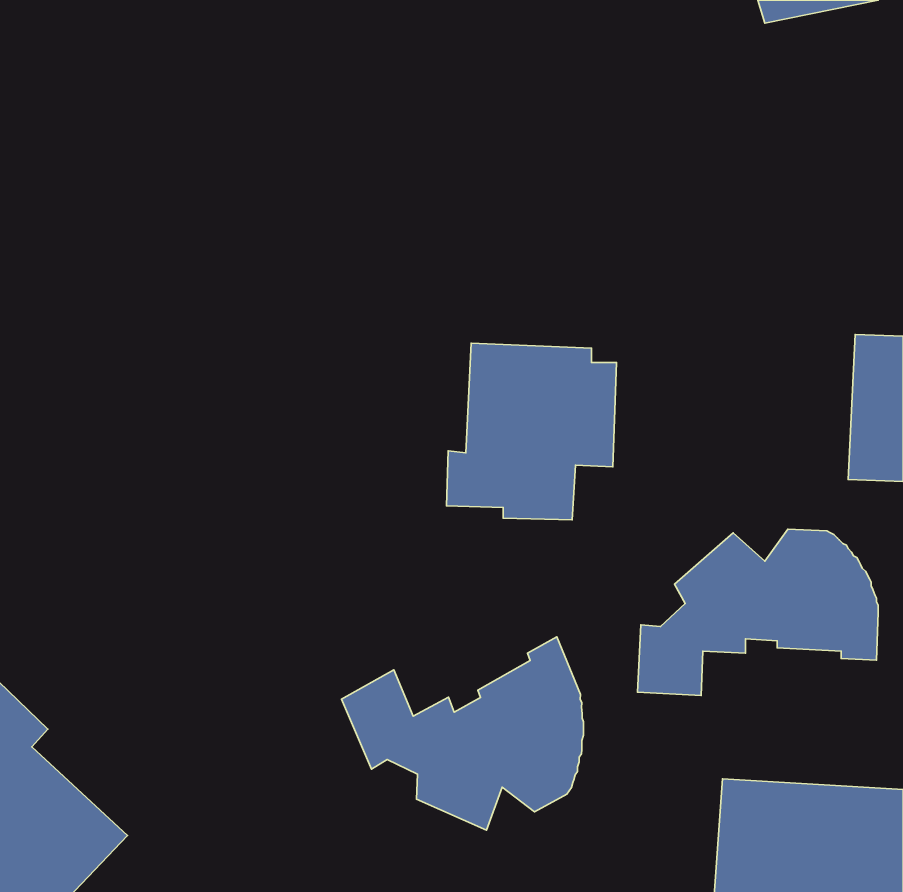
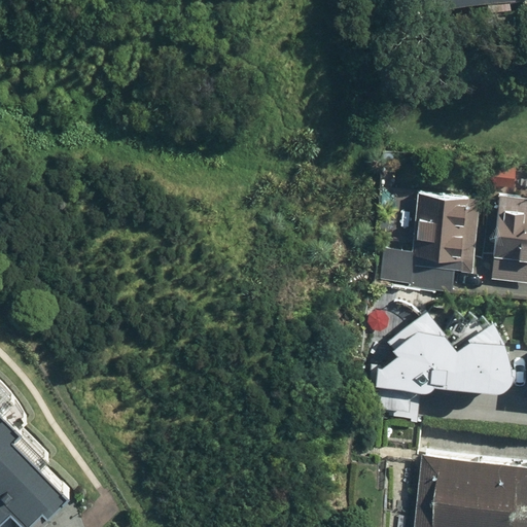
building: [446,343,616,520] -> [381,192,480,295]
building: [341,637,584,830] -> none

